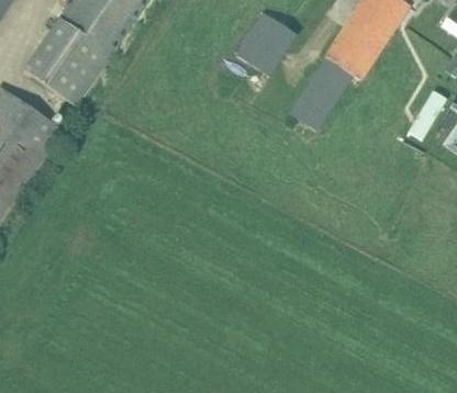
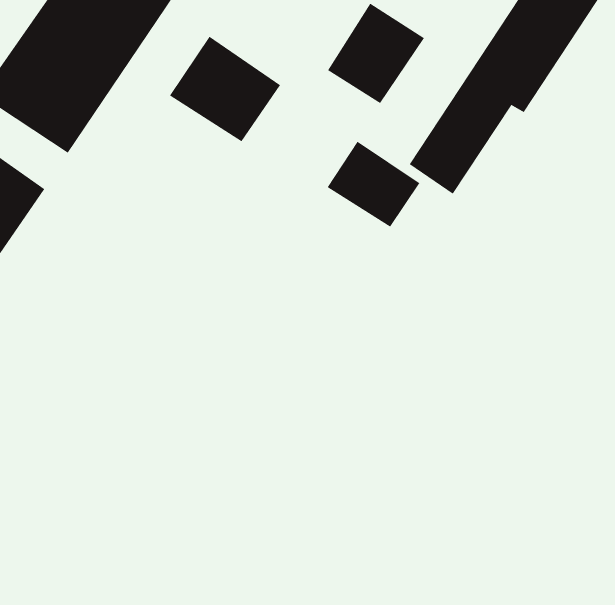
building: none -> [169,36,281,142]
building: none -> [327,141,420,228]

